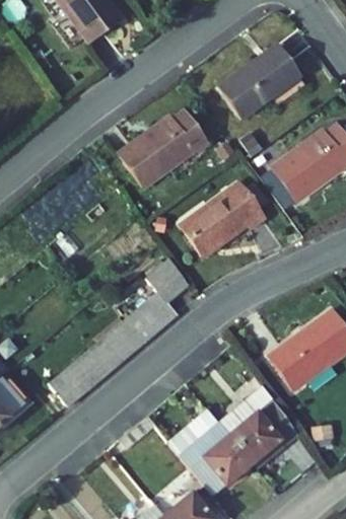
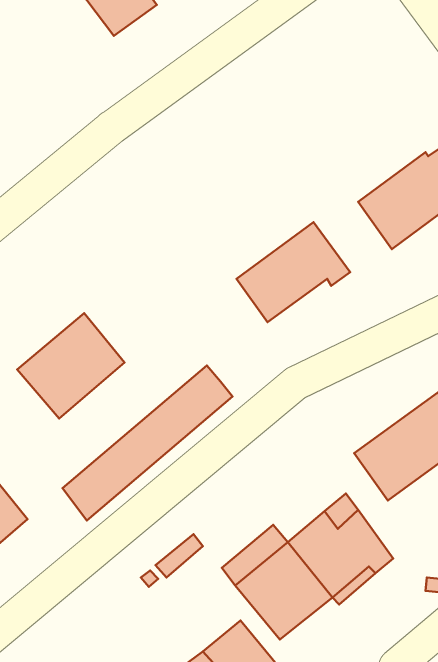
building: [219,44,300,118] -> none
building: [119,109,207,188] -> none
building: none -> [17,313,125,419]
building: [148,257,191,301] -> none

